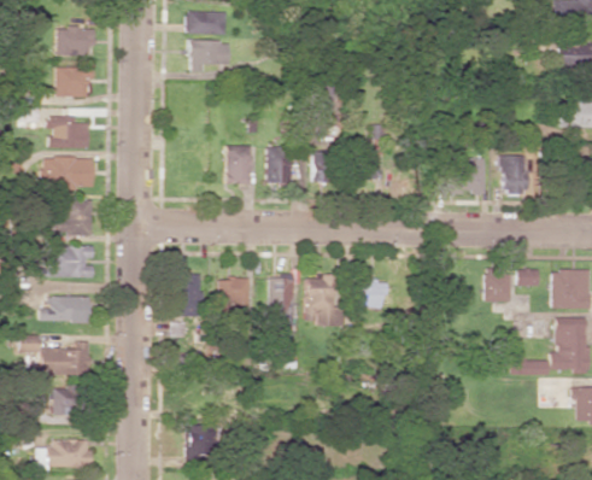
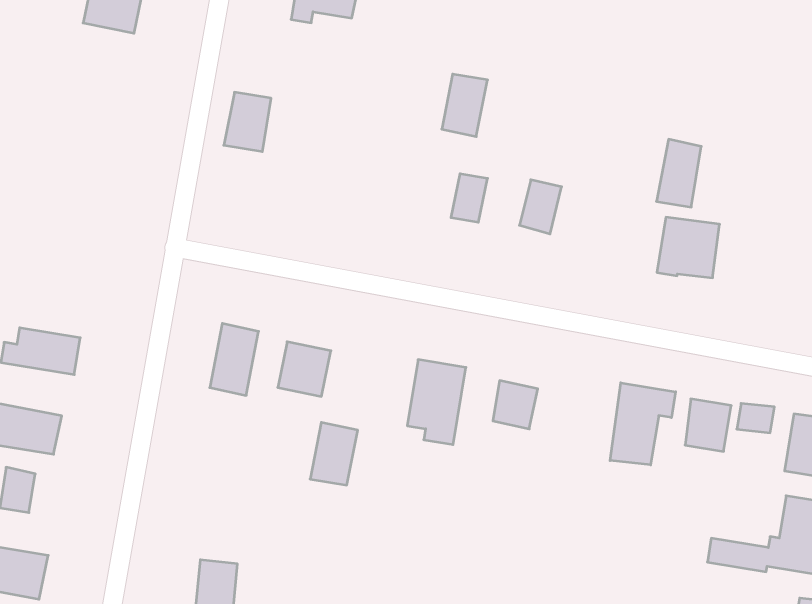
building: [46,116,89,147] -> none
building: [266,146,291,183] -> [442,74,488,137]
building: [227,148,252,183] -> [224,92,271,152]
building: [502,154,524,195] -> [656,139,701,207]
building: [43,157,94,188] -> none
building: [55,199,93,234] -> none
building: [51,245,93,277] -> none
building: none -> [610,383,676,465]
building: [270,277,295,315] -> [310,422,358,485]

